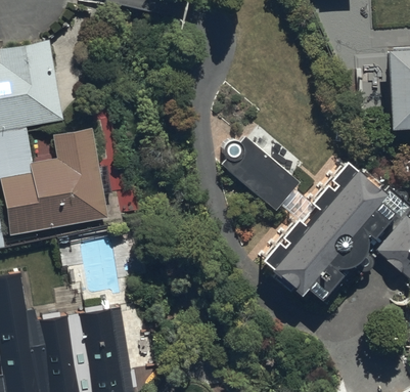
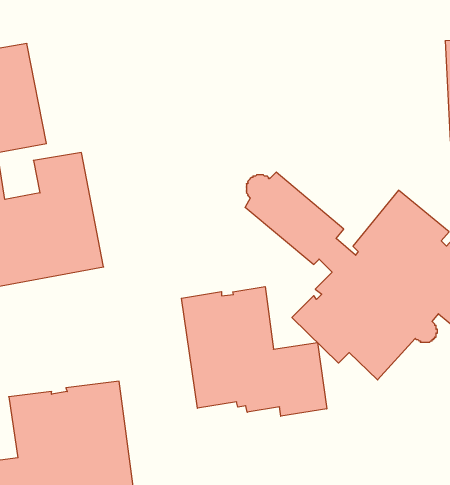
building: none -> [181,287,327,416]

